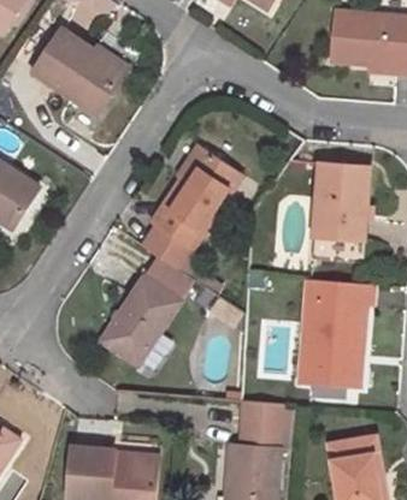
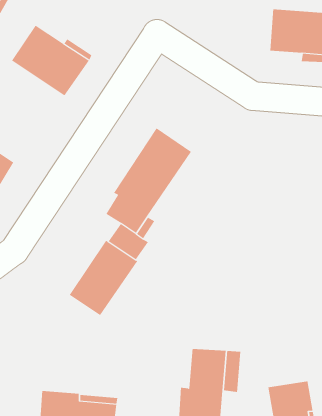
building: [309,162,367,261] -> none
building: [299,280,373,385] -> none

